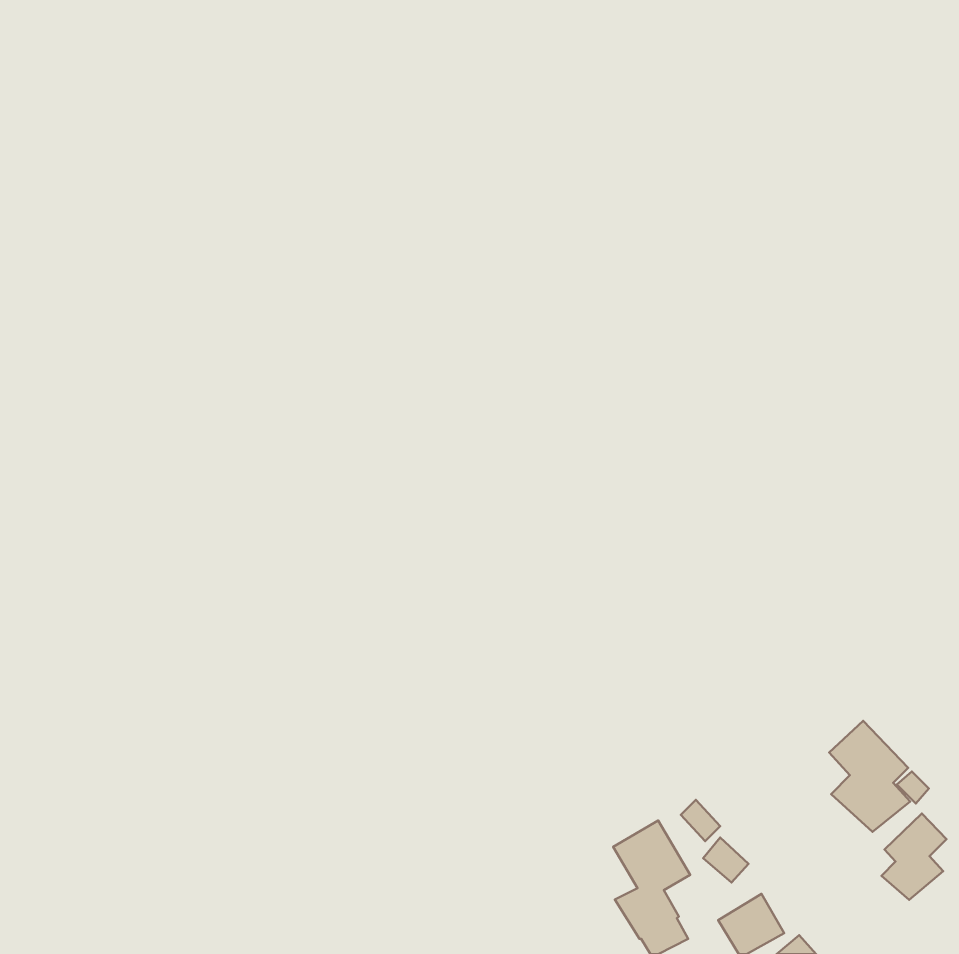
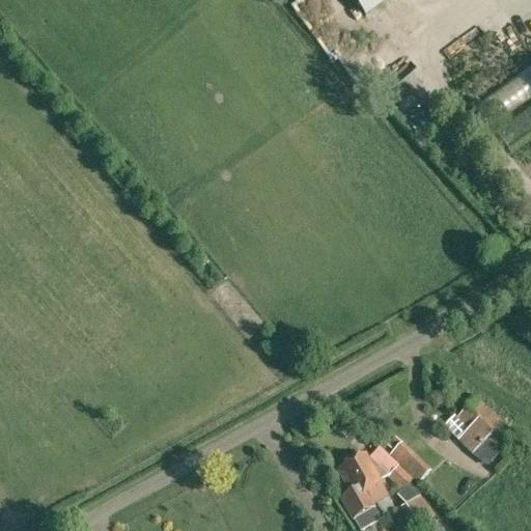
building: [881,814,947,900] -> none

